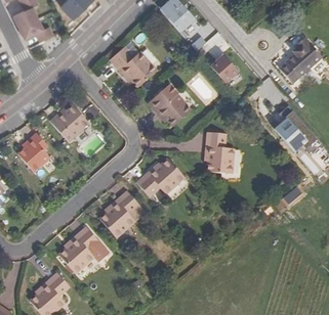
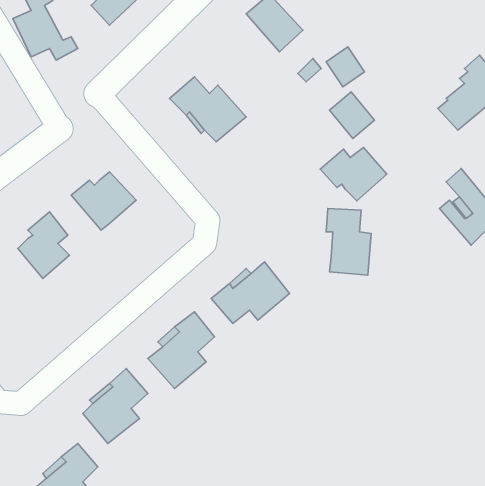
building: [151,97,192,130] -> [320,147,387,201]

